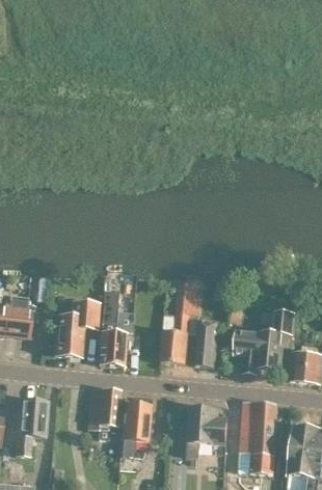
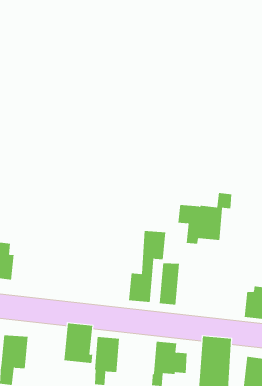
building: [99,290,126,365] -> none
building: [54,301,99,358] -> none
building: [233,316,294,374] -> [178,192,232,244]

